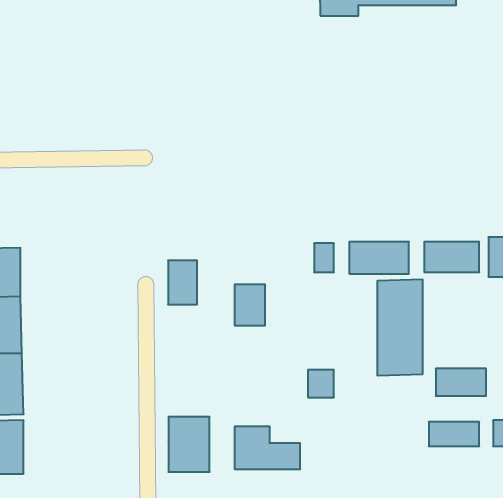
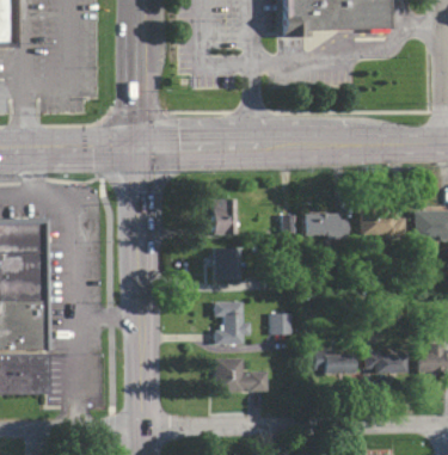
building: [168,260,197,305] -> [213,198,235,233]
building: [378,279,423,376] -> none
building: [436,369,486,396] -> [314,352,354,374]
building: [168,417,210,472] -> [215,301,247,344]

